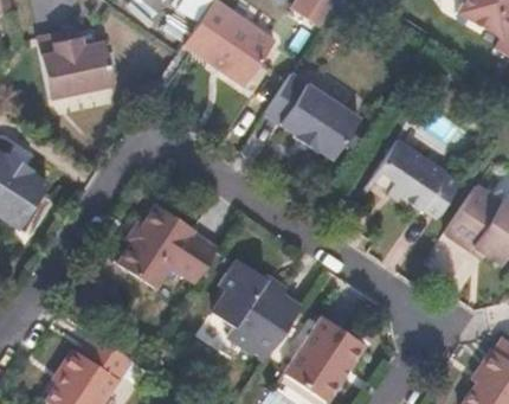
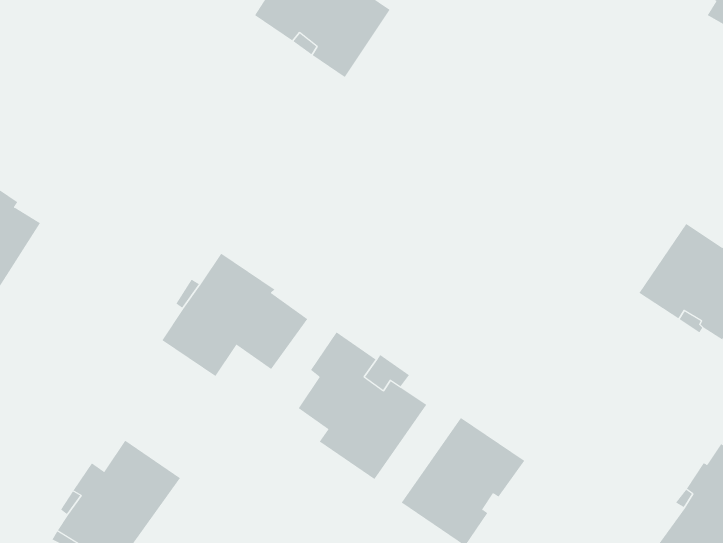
building: [31,40,103,104] -> none
building: [269,71,362,155] -> none
building: [366,145,444,214] -> none

